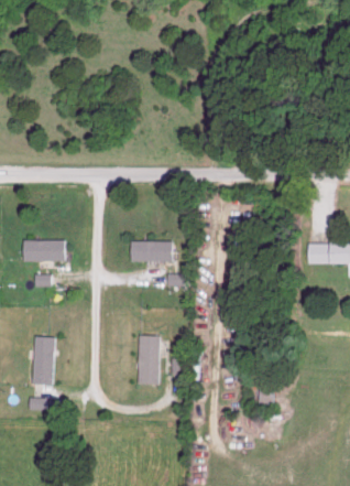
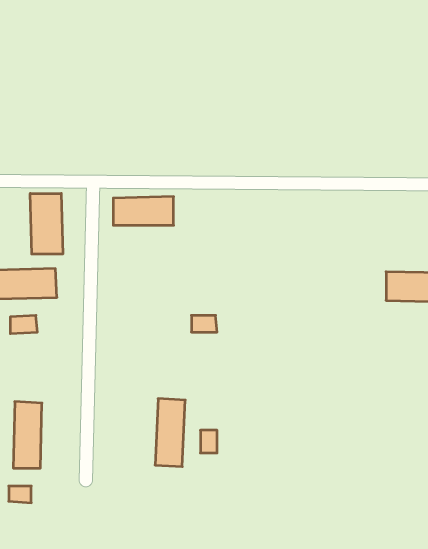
building: none -> [30,193,63,254]
building: [129,240,173,261] -> [113,197,174,225]

